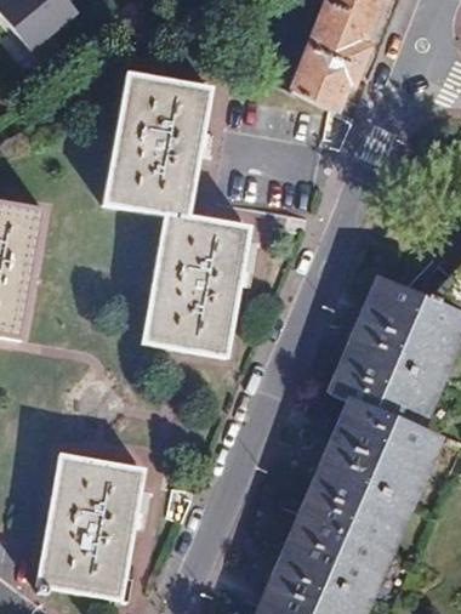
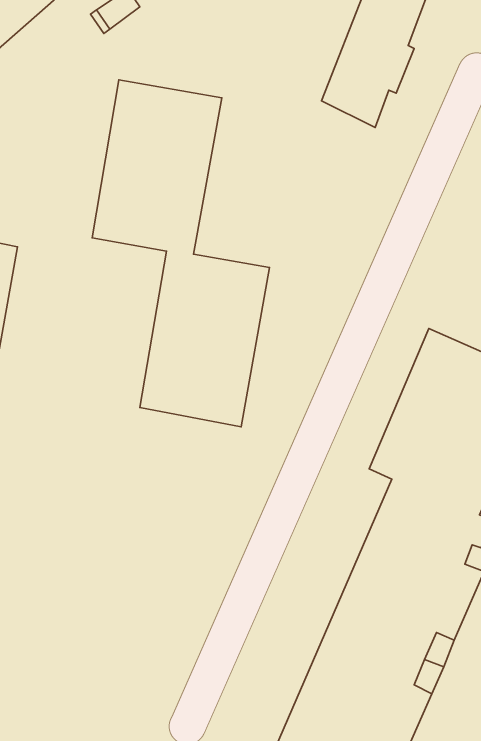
building: [39,454,143,598] -> none

